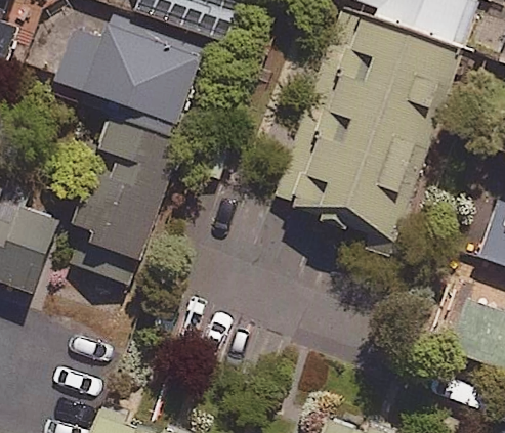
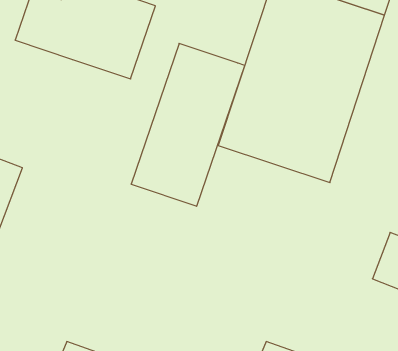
building: [62,102,188,283] -> [131,43,245,206]

